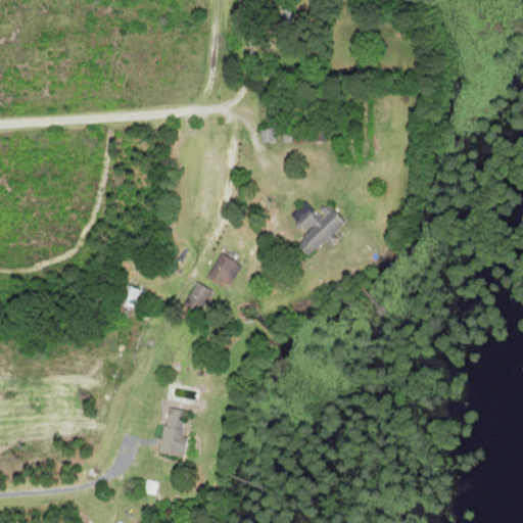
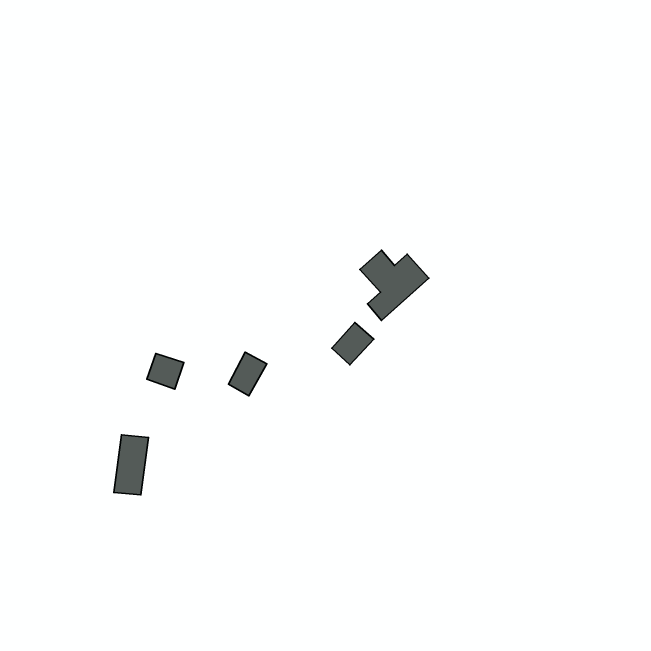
building: [206,254,240,288] -> [332,323,374,365]
building: [160,408,188,456] -> [114,435,148,495]

